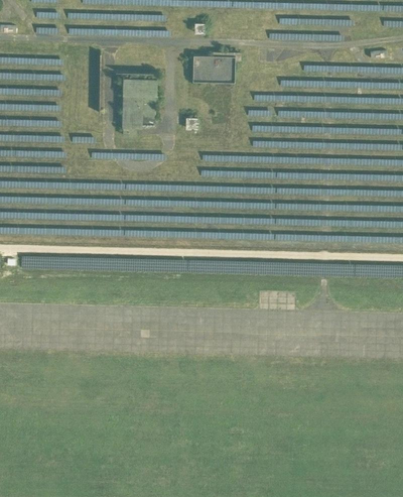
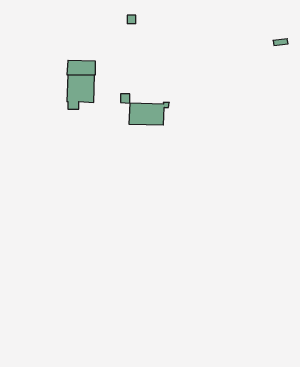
building: [183,54,232,82] -> [129,102,169,125]

